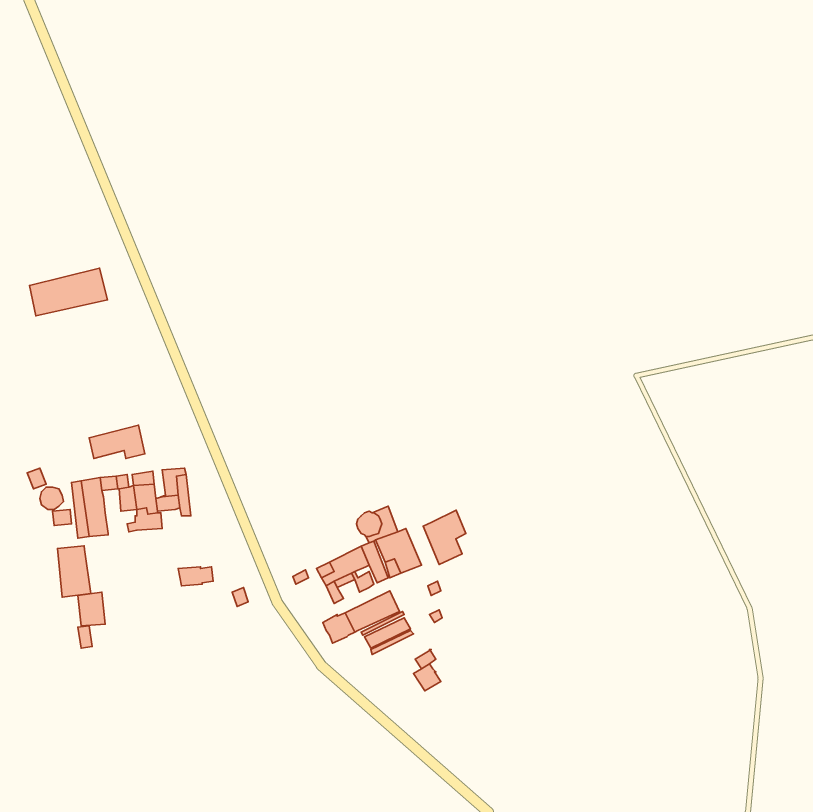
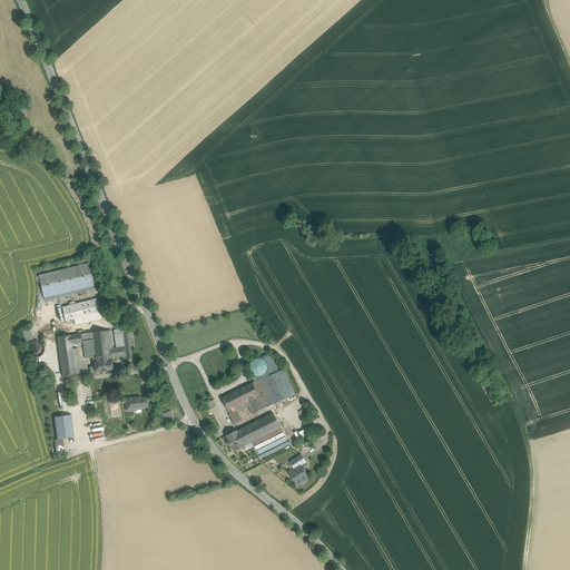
building: [30,268,108,316] -> [39,263,94,296]
building: [423,510,466,564] -> none
building: [57,546,91,597] -> none

